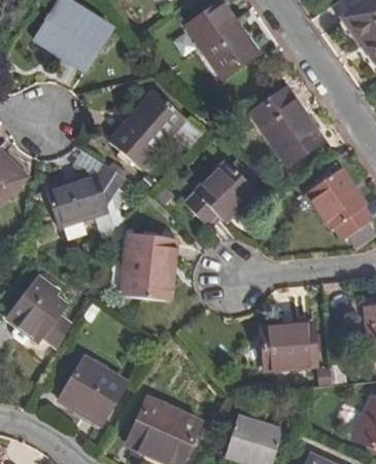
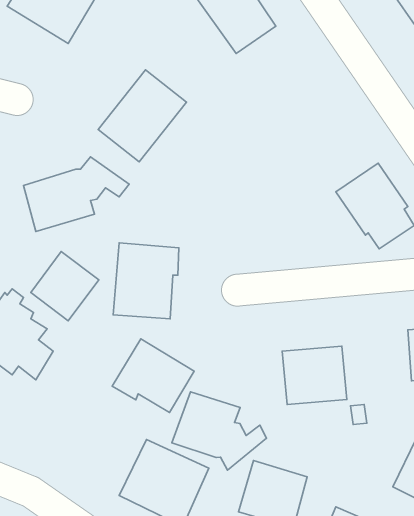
building: [251,90,321,165] -> none
building: [184,162,254,222] -> none
building: none -> [31,252,99,321]
building: [57,357,125,418] -> [112,339,194,412]
building: none -> [172,392,267,470]

